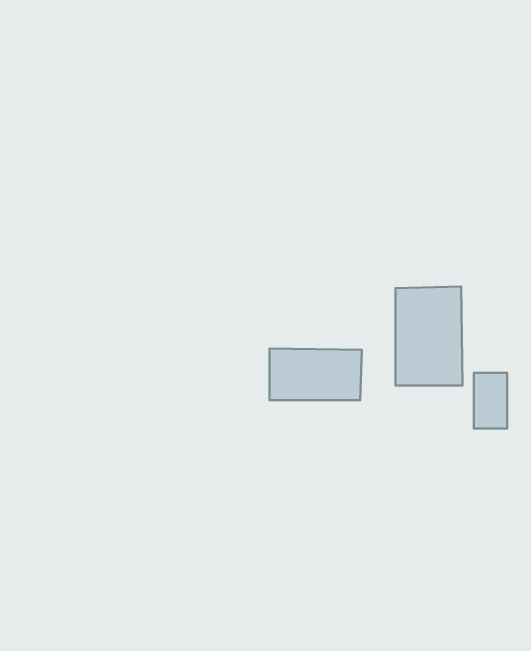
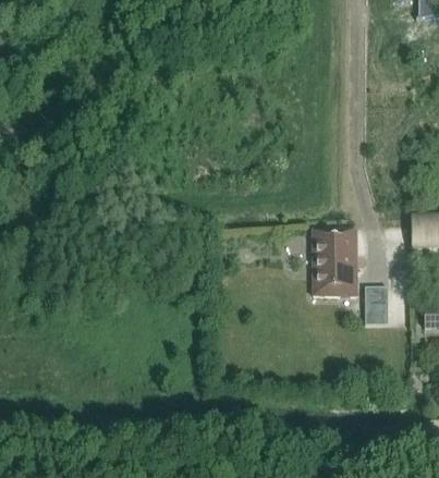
building: [270,349,362,400] -> none

